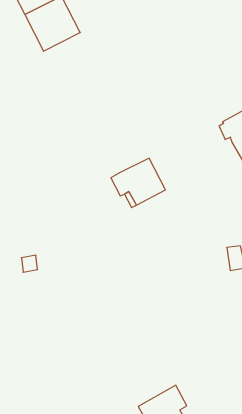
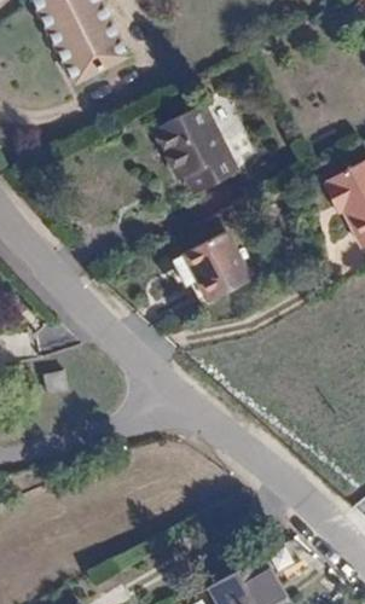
building: none -> [155,104,239,194]

